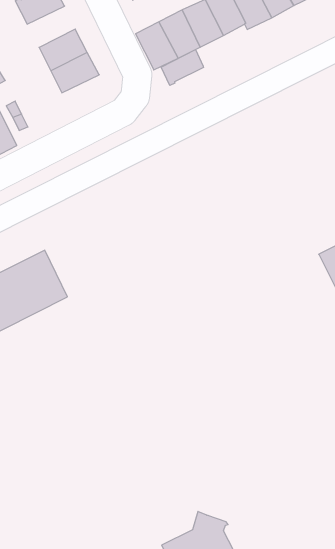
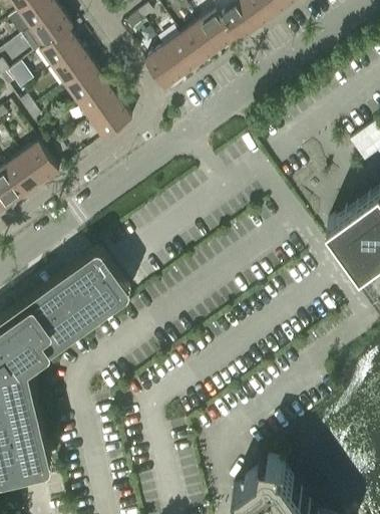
building: none -> [52,48,93,86]
building: [161,50,203,85] -> none
building: none -> [90,101,132,141]

